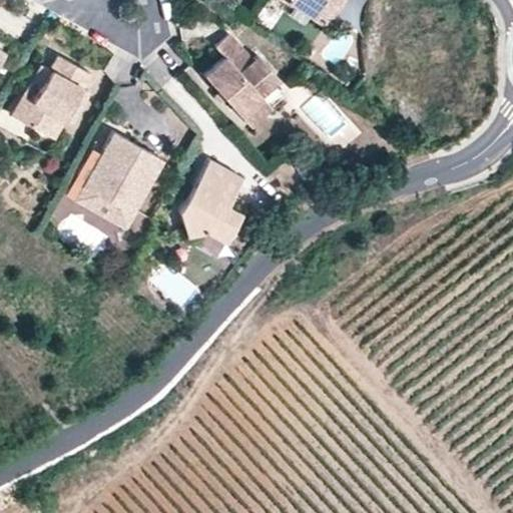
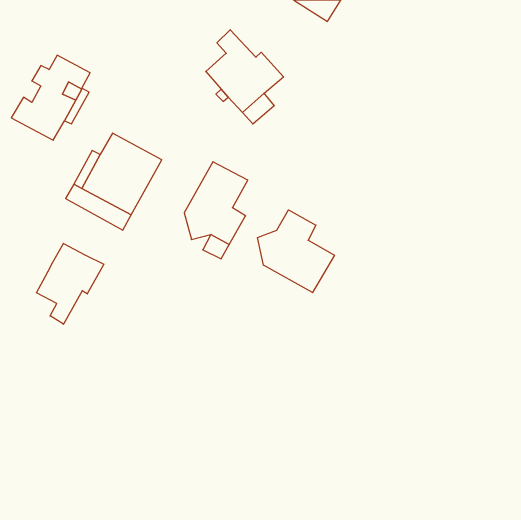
building: none -> [258,210,334,293]
building: none -> [37,243,104,324]

